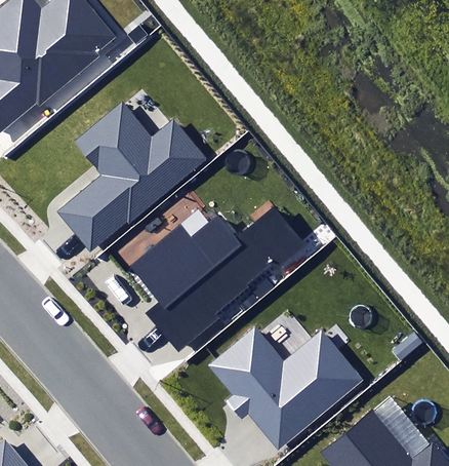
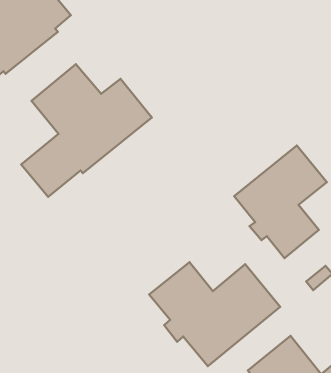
building: none -> [234,145,327,258]
building: [129,206,305,351] -> none

